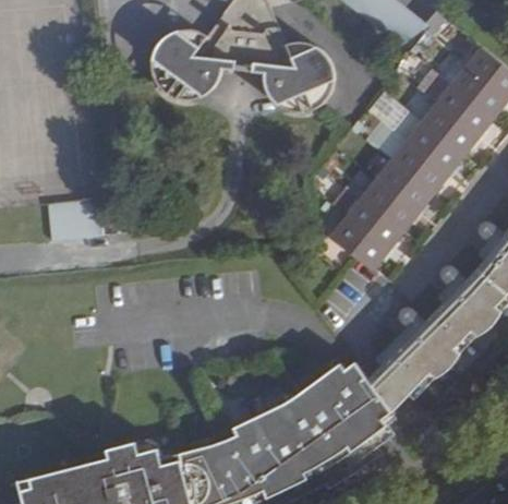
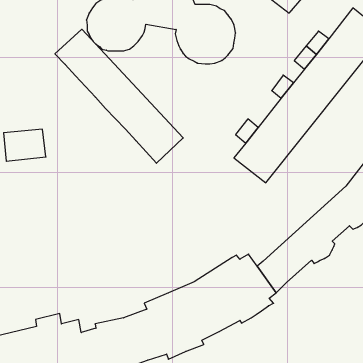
building: none -> [55,29,183,163]

